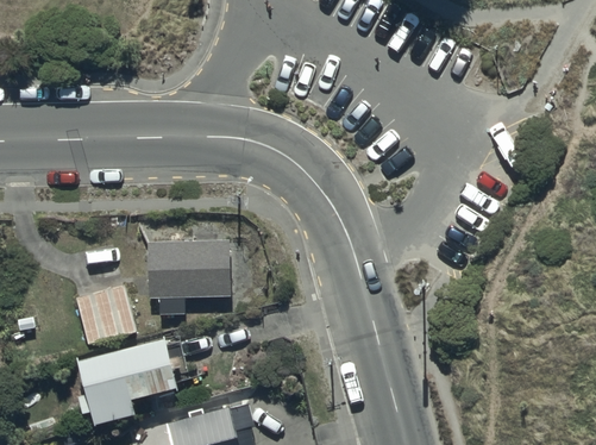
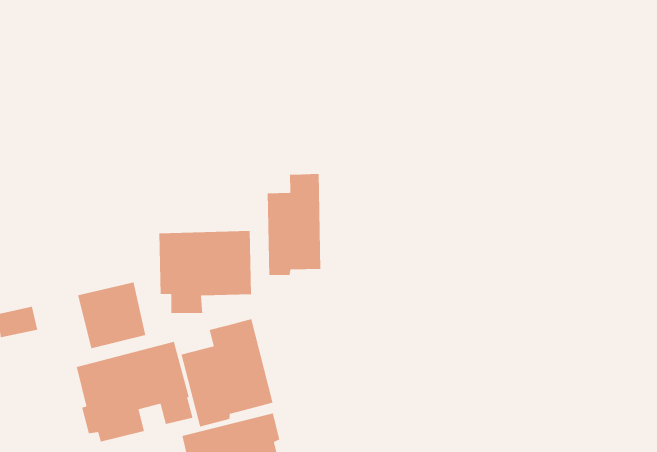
building: none -> [267,173,321,276]
building: none -> [181,318,274,427]

